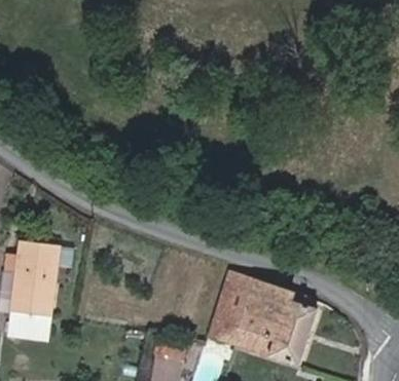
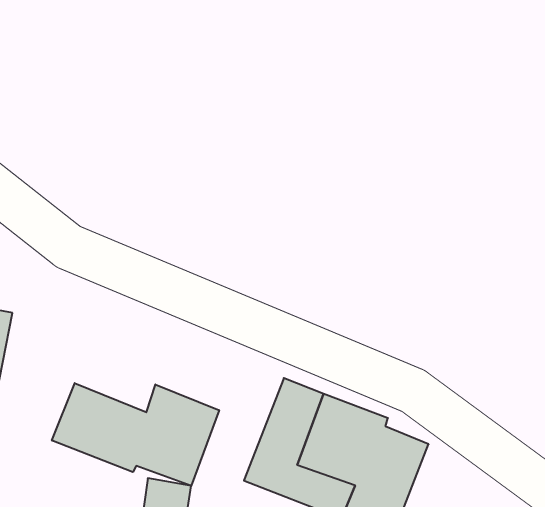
building: none -> [52,383,219,486]

